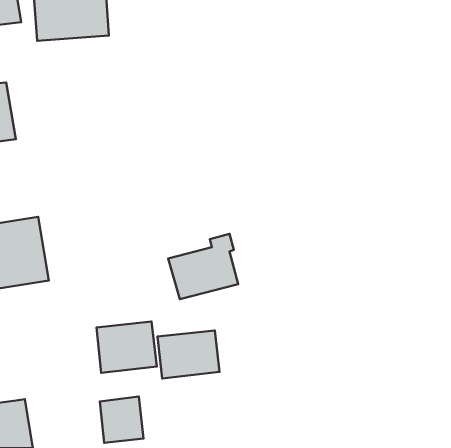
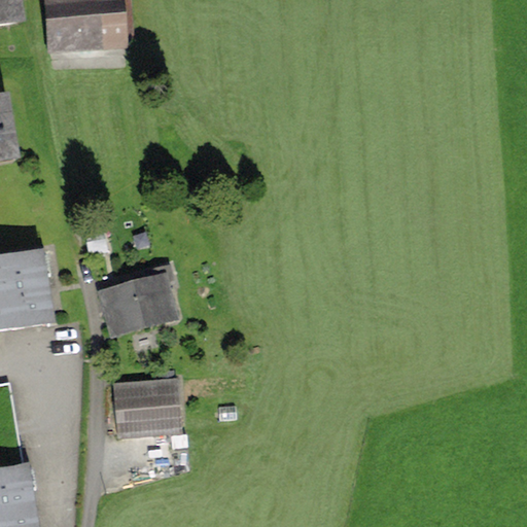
building: [168,234,238,299] -> [97,261,178,338]
building: [158,330,219,378] -> none
building: [100,397,143,443] -> none

